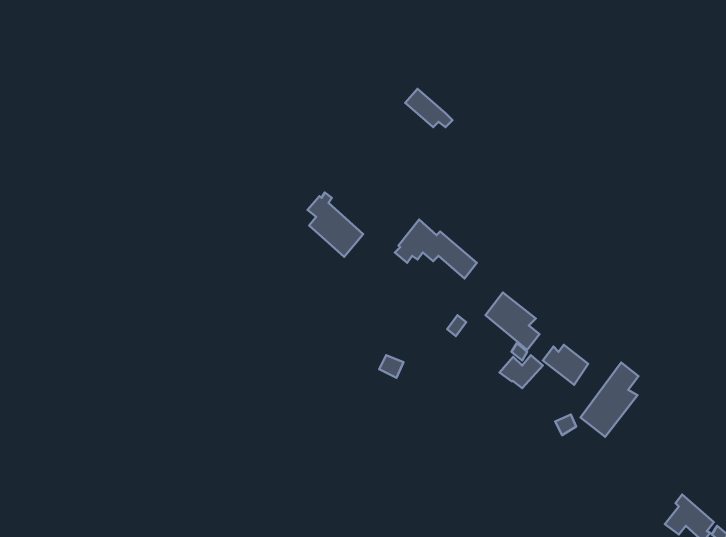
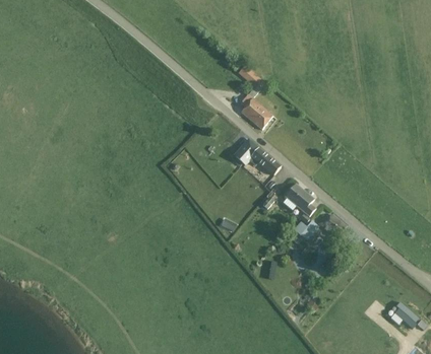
building: [307,193,363,257] -> [240,92,272,130]
building: [581,363,638,437] -> none

